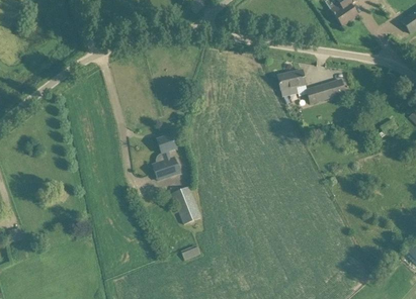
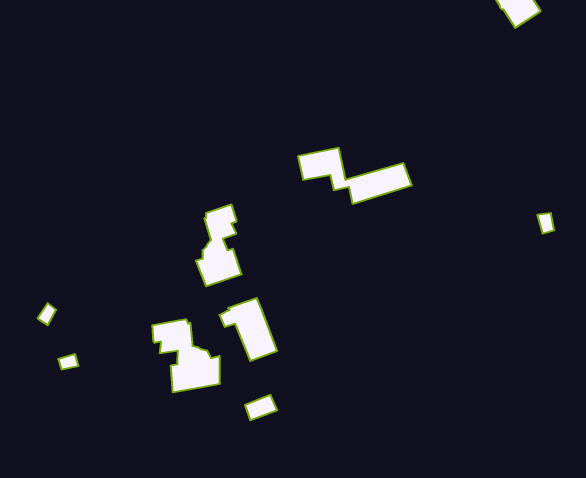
building: [277,71,345,104] -> [298,148,412,204]
building: none -> [152,319,220,392]

